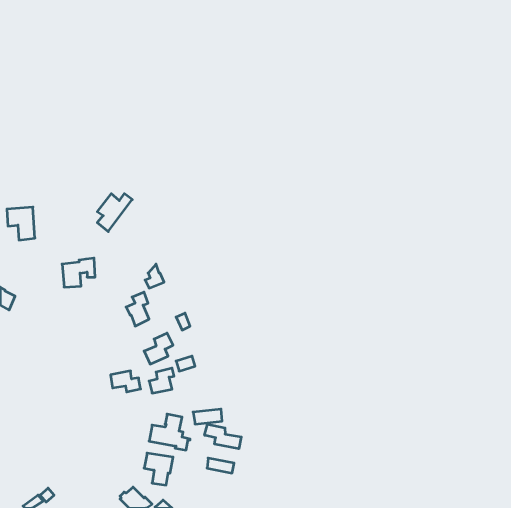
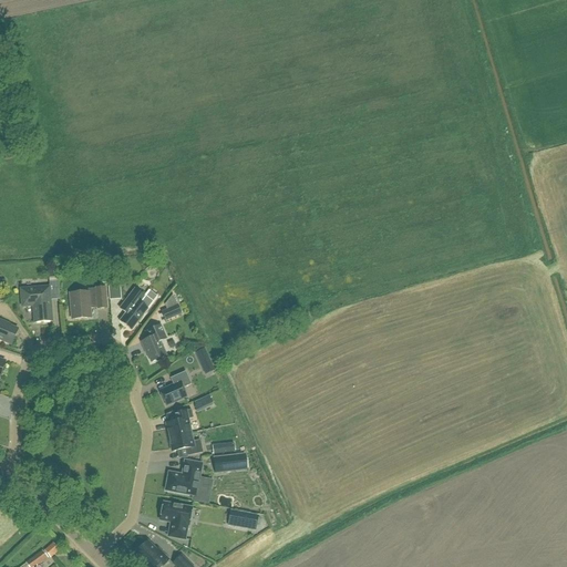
building: [97,194,132,232] -> [118,287,157,329]
building: [7,207,35,240] -> [20,285,51,321]
building: [111,371,141,392] -> [168,431,202,454]
building: [205,424,241,449] -> none

